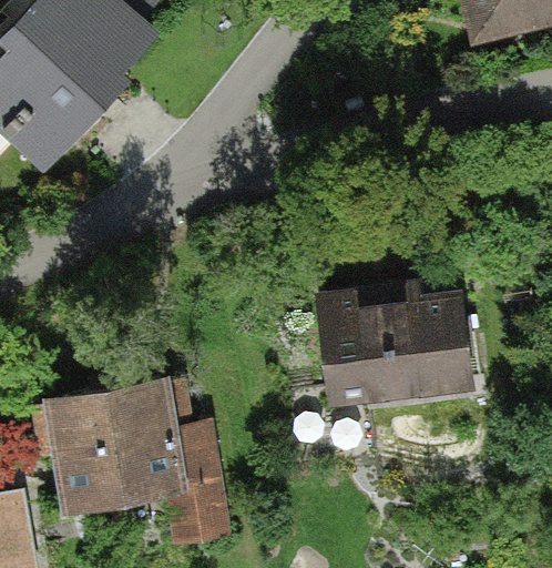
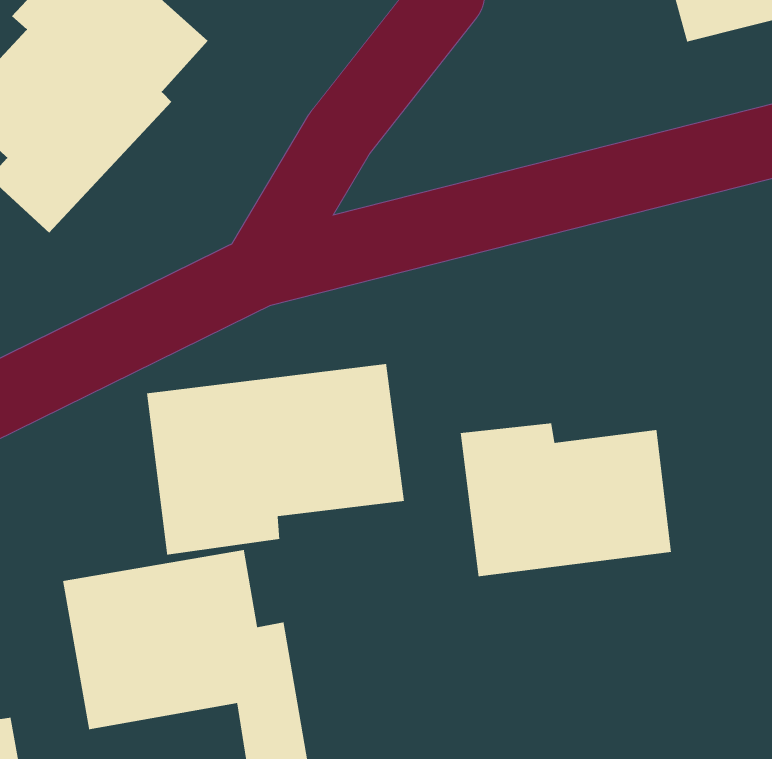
building: none -> [146,363,405,555]

